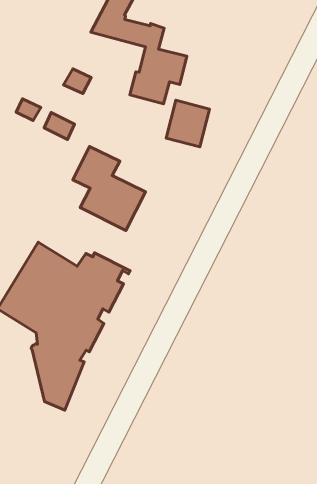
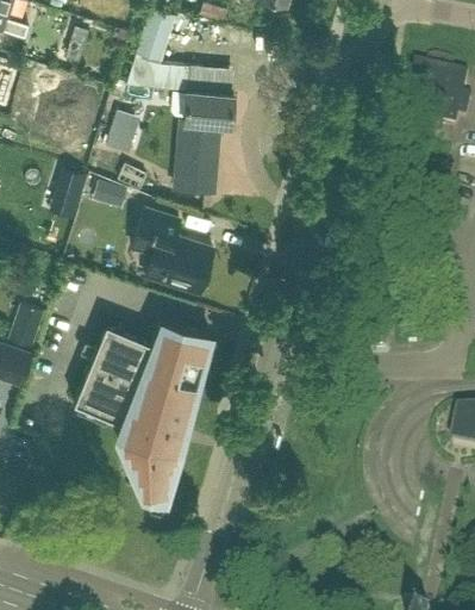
building: [166,100,209,147] -> [175,145,217,192]

